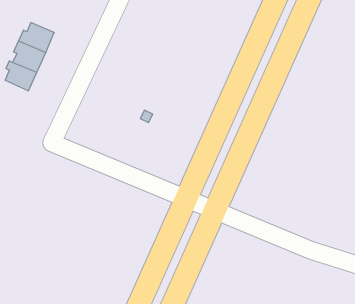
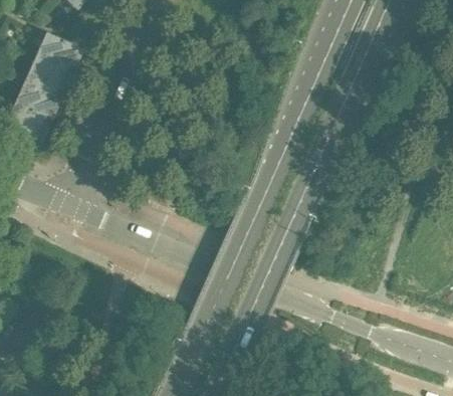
building: none -> [36,32,78,66]

